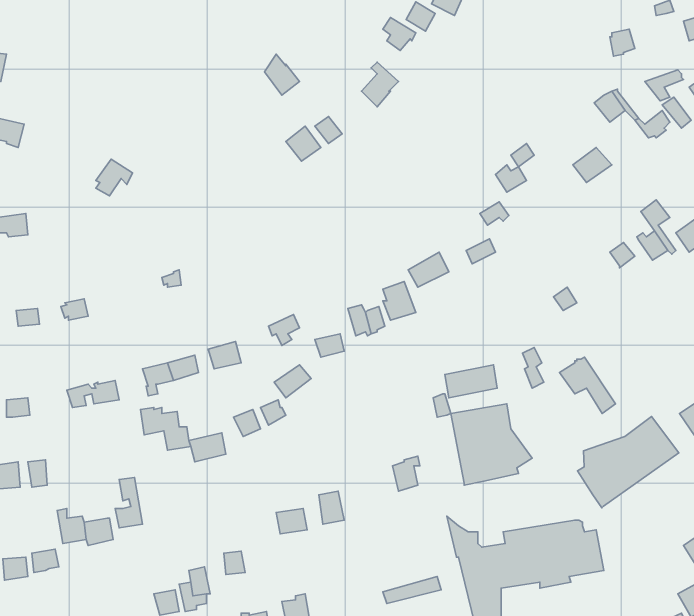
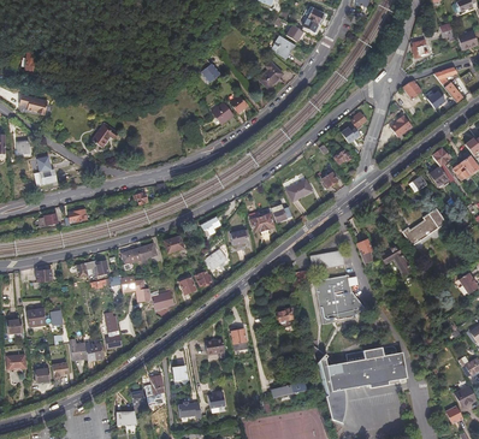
building: none -> [402,208,444,244]
building: [577,417,679,508] -> none

